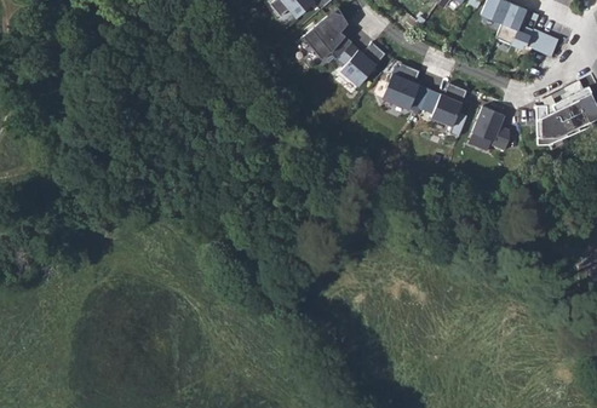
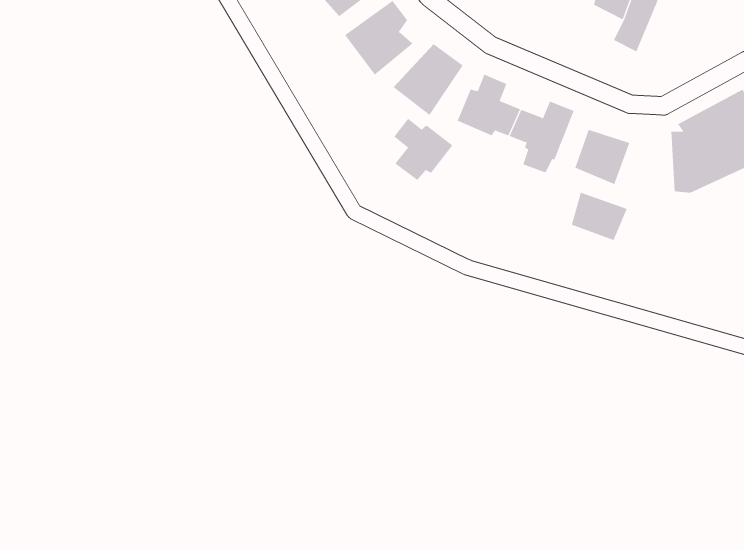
building: [526,27,559,58] -> none
building: none -> [394,118,453,181]
building: none -> [571,192,627,241]

